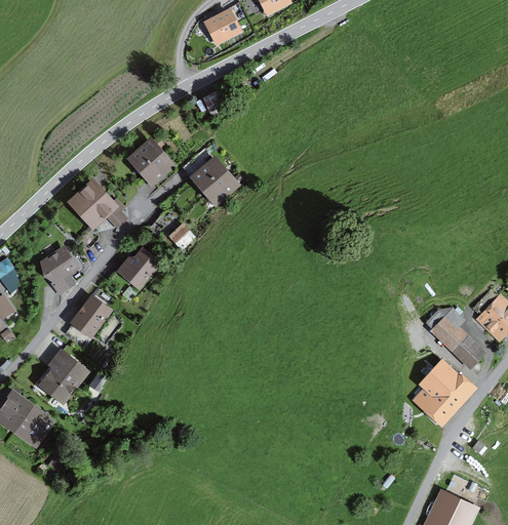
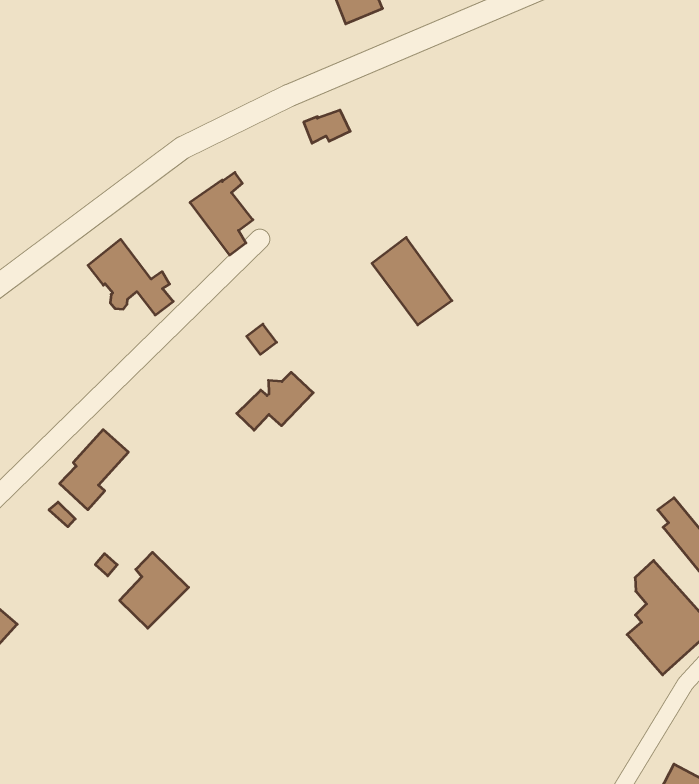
building: [184,149,234,201] -> [372,237,452,325]
building: [42,249,73,294] -> none
building: [110,252,155,289] -> [237,372,313,430]
building: [42,353,83,399] -> [120,552,189,628]

